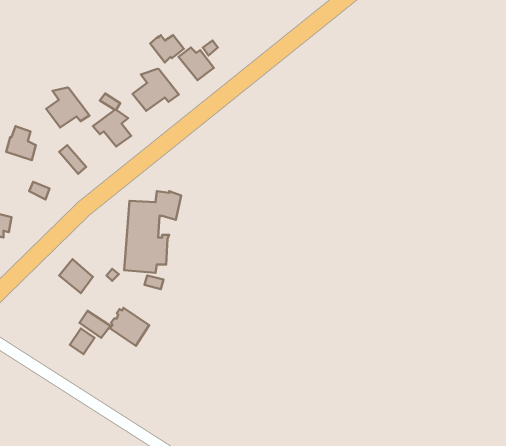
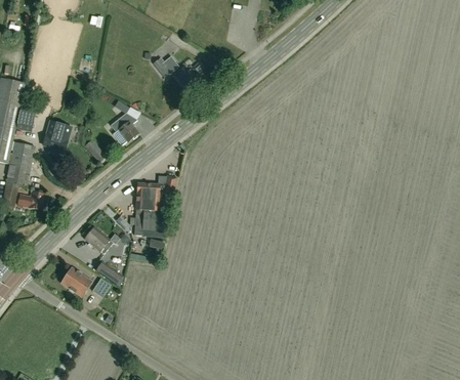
building: [133,69,179,111] -> none
building: [46,87,89,127] -> none
building: [110,308,149,346] -> [61,267,91,296]

